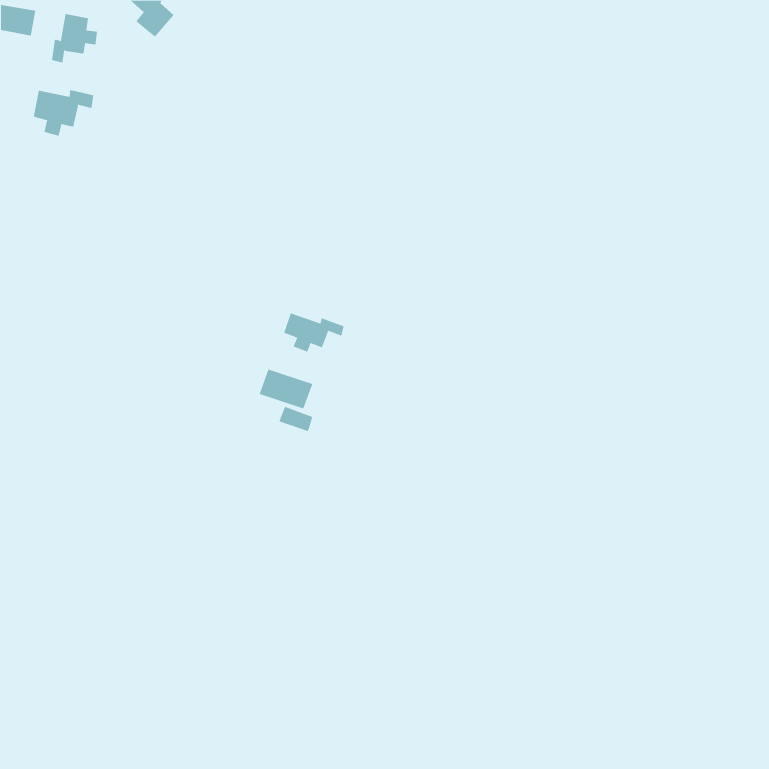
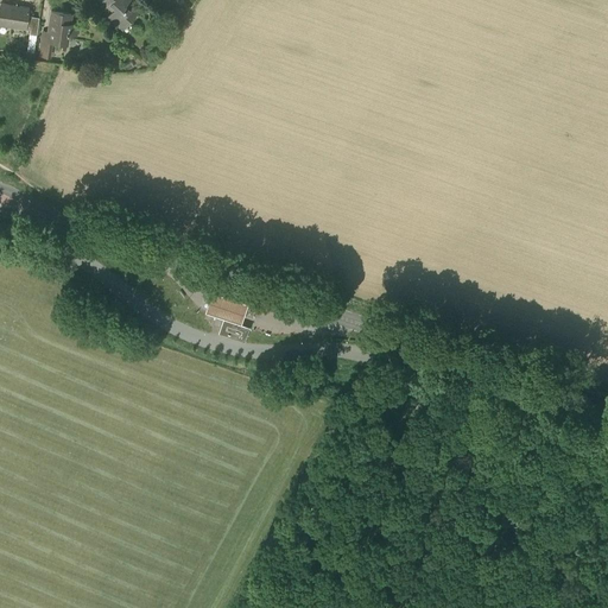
building: [33,89,94,136] -> none
building: [284,312,344,353] -> none

